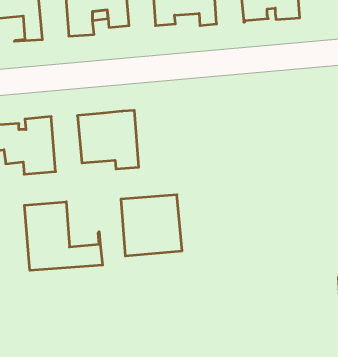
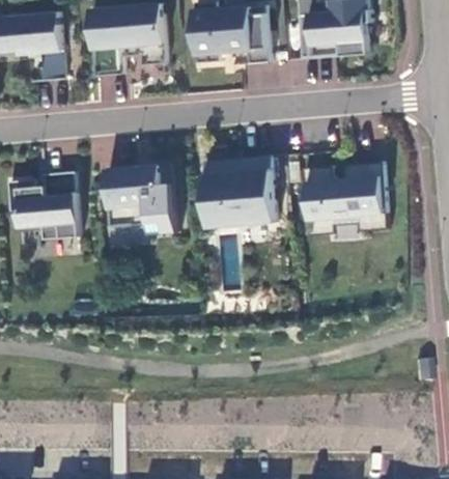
building: none -> [303,161,388,234]
building: [121,195,182,256] -> [203,154,276,227]
building: [24,202,103,270] -> none

